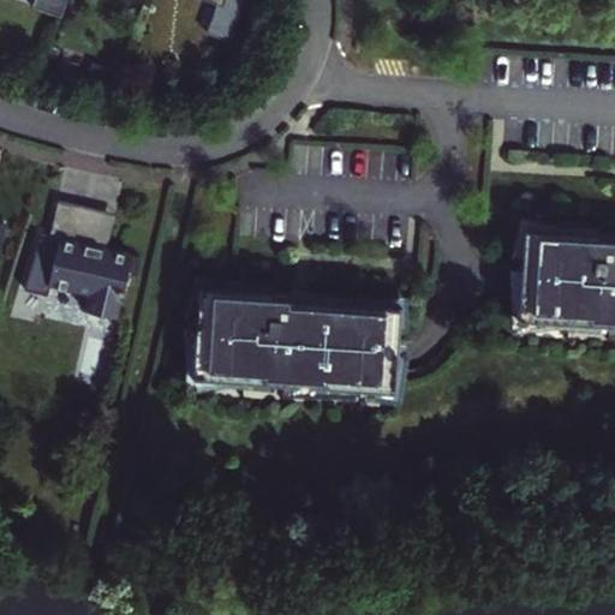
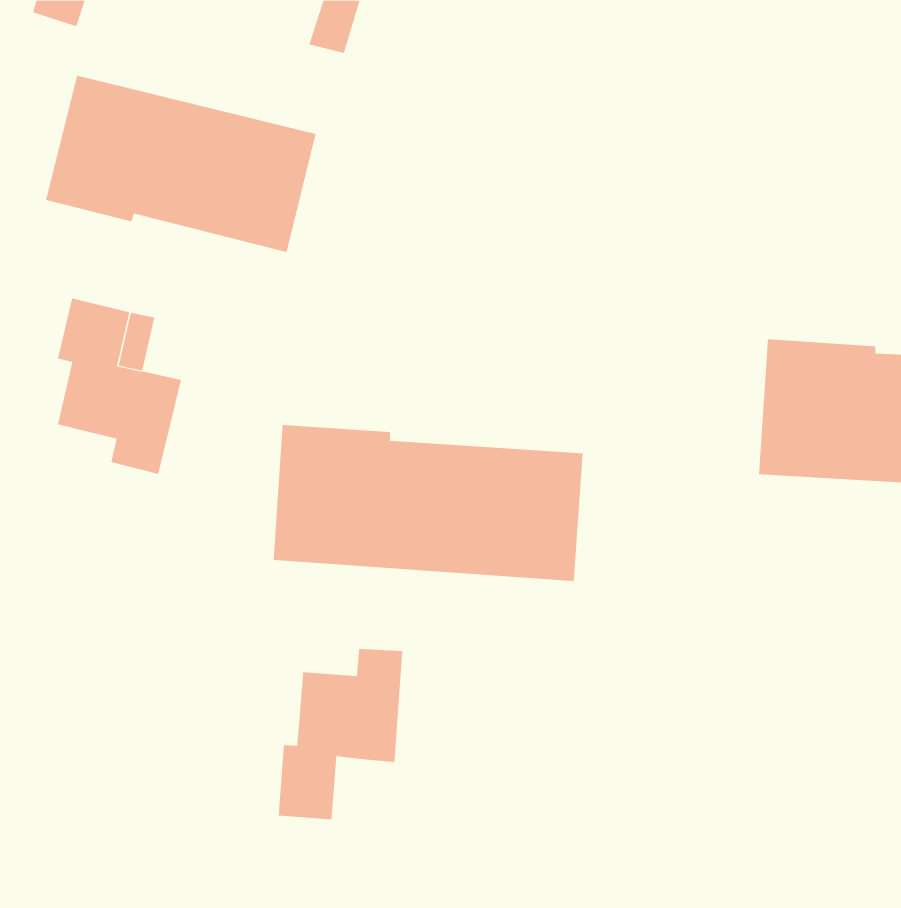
building: none -> [45,75,316,253]
building: none -> [278,648,403,820]

